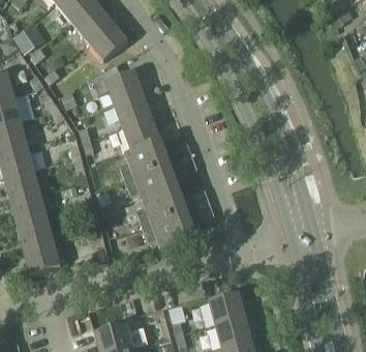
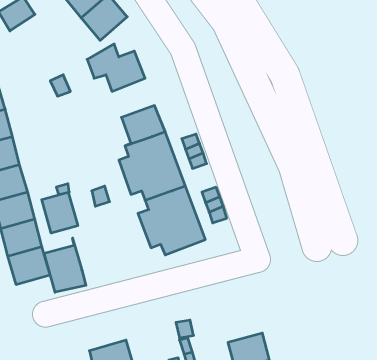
building: [114,93,151,127] -> none
building: none -> [42,192,78,233]
building: none -> [44,238,86,292]
building: [208,291,245,324] -> none

